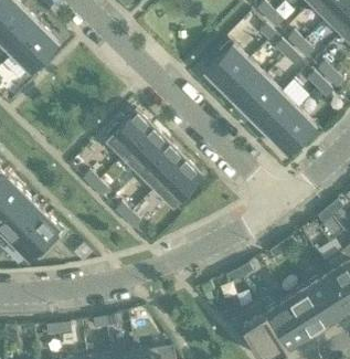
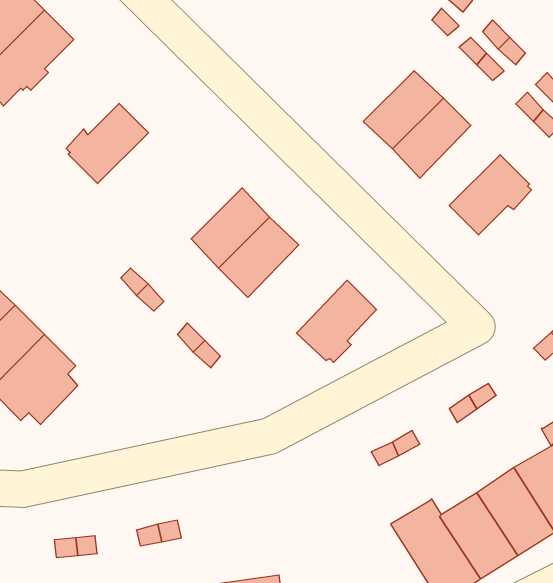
building: [205,45,251,92] -> none
building: [254,83,310,139] -> none
building: [107,113,153,158] -> [66,103,148,184]
building: [157,161,202,208] -> [296,280,377,362]

